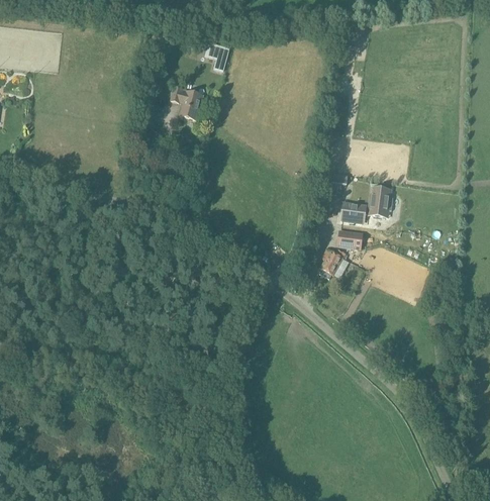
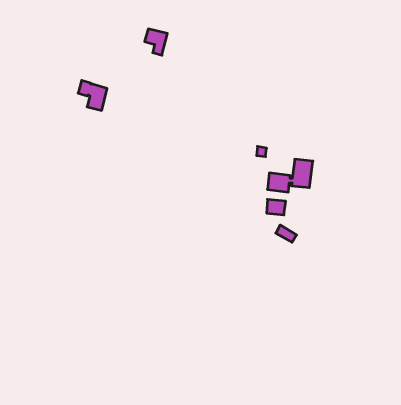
building: [171,86,203,119] -> [78,80,107,110]
building: [320,248,346,278] -> none

